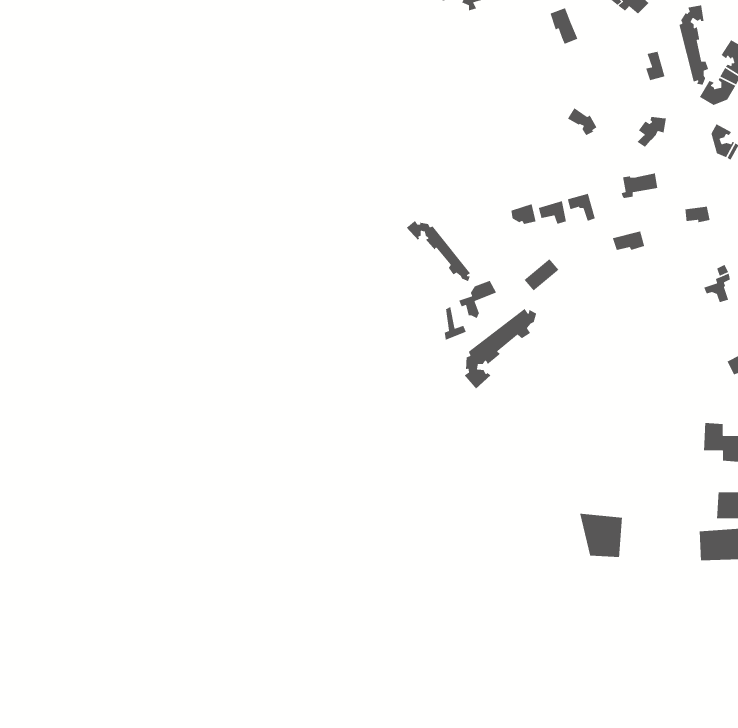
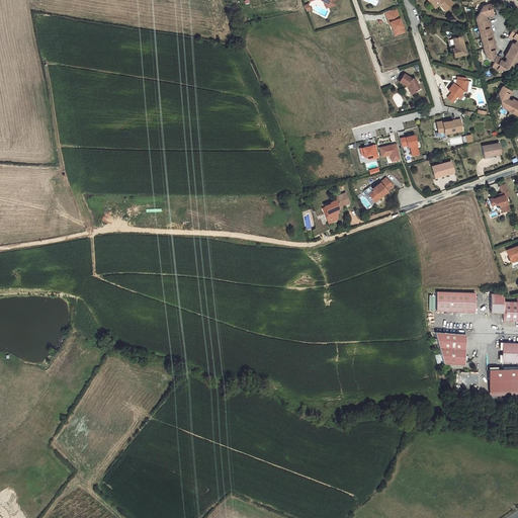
building: [406,220,471,282] -> none
building: [464,308,537,390] -> none
building: none -> [440,293,479,314]
building: [579,513,623,558] -> [438,333,468,364]

